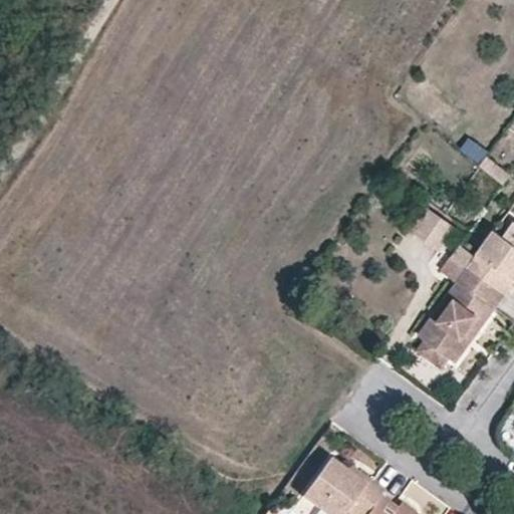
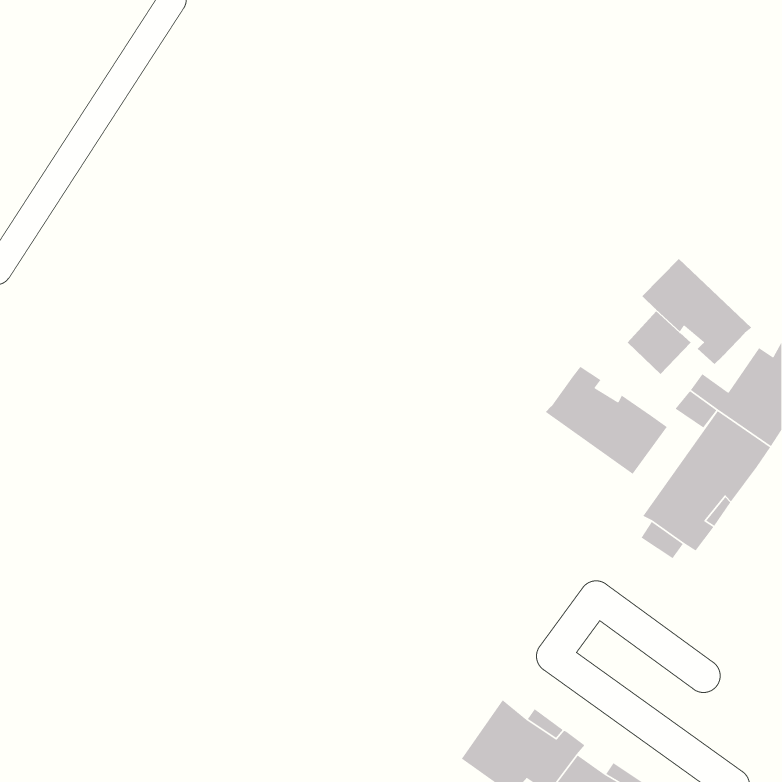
building: none -> [642,258,752,365]
building: none -> [545,366,668,475]

